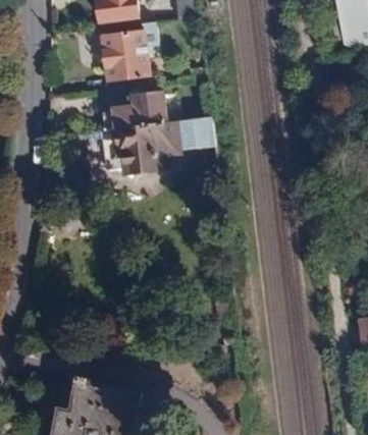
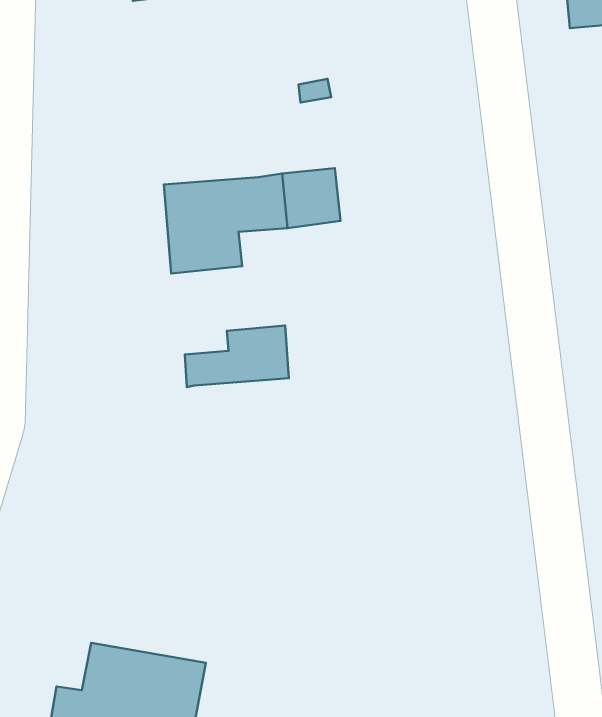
building: [100,30,151,81] -> none
building: [109,93,167,127] -> [185,325,289,387]

